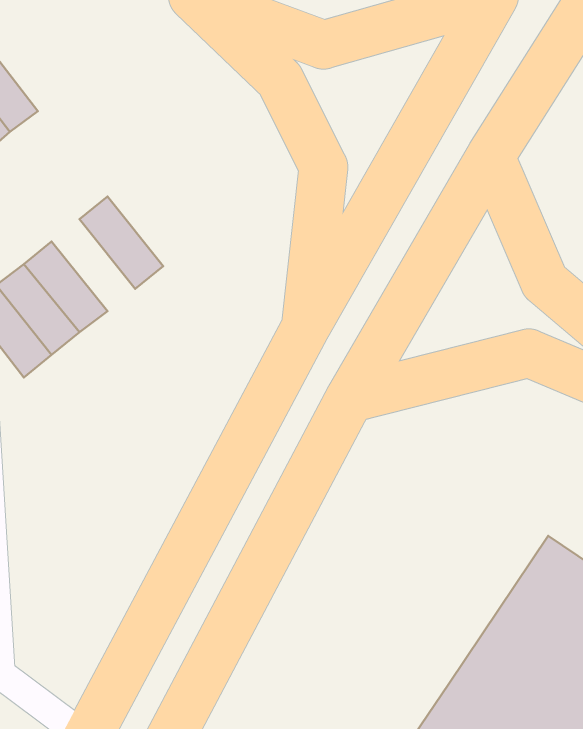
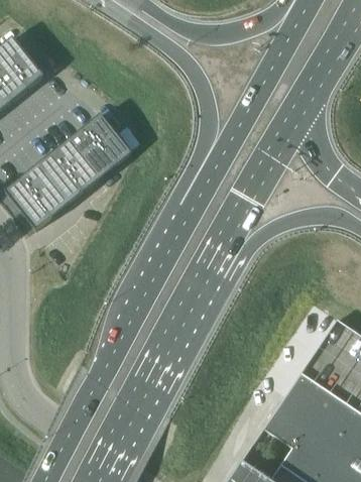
building: none -> [84,113,132,165]
building: none -> [51,138,100,192]

